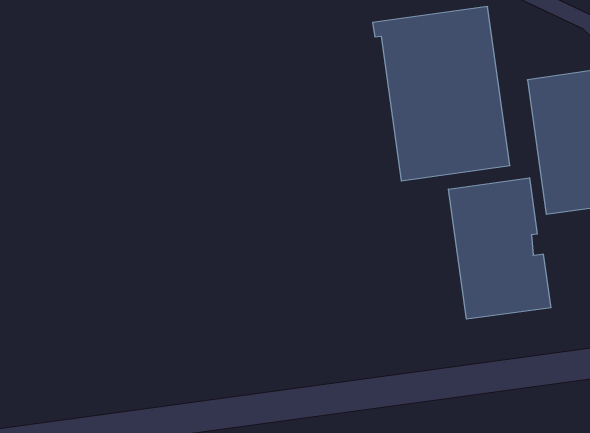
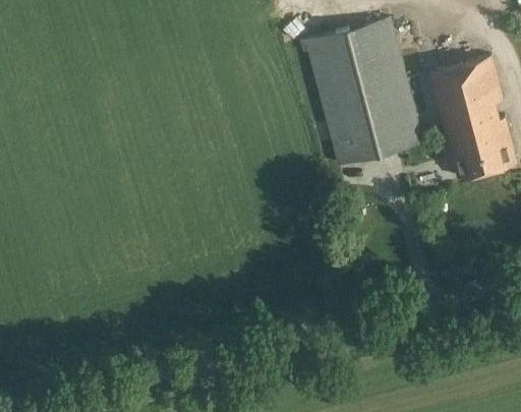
building: [448,178,551,319] -> none

